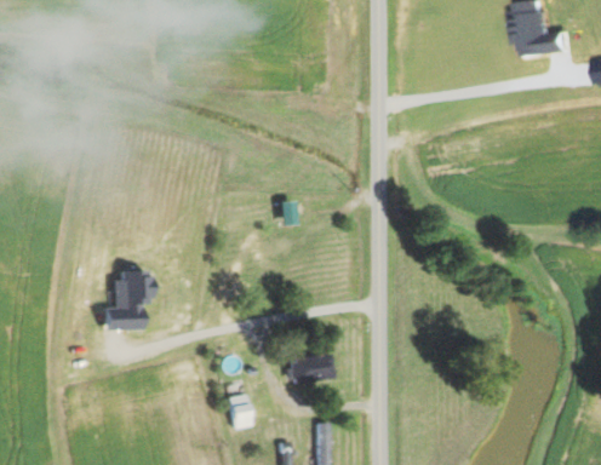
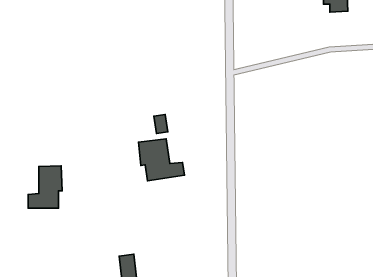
building: none -> [139,139,184,181]
building: [291,355,332,381] -> none

